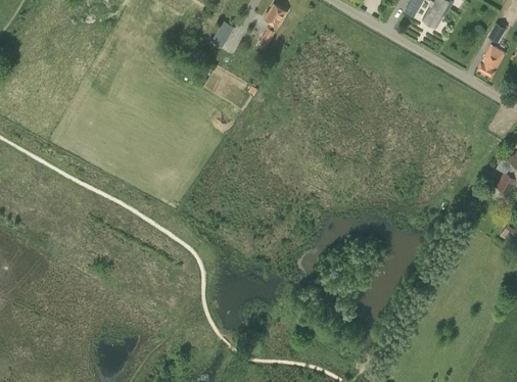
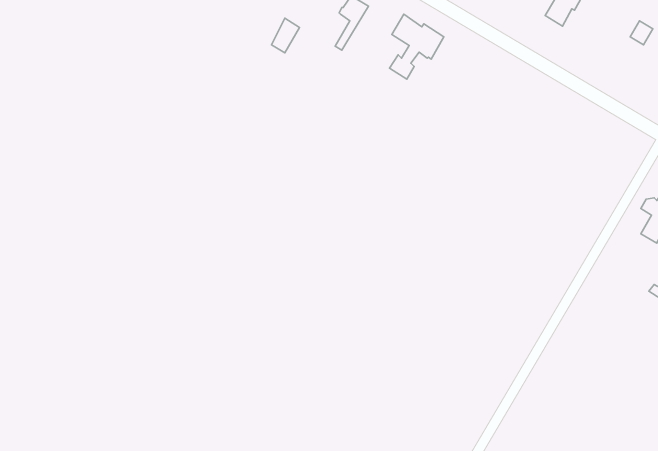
building: none -> [389,14,444,79]
building: [477,45,505,77] -> none

